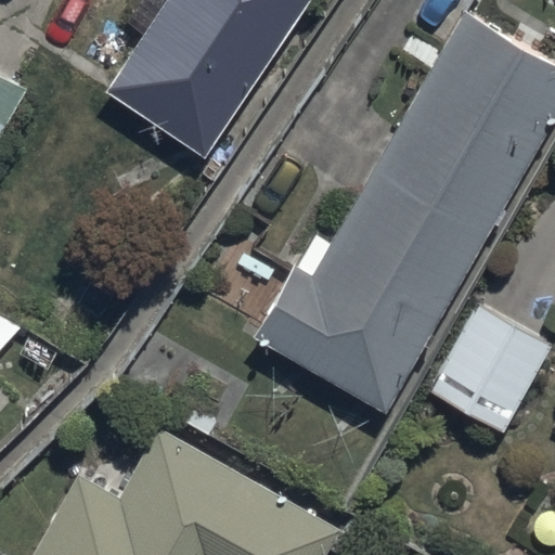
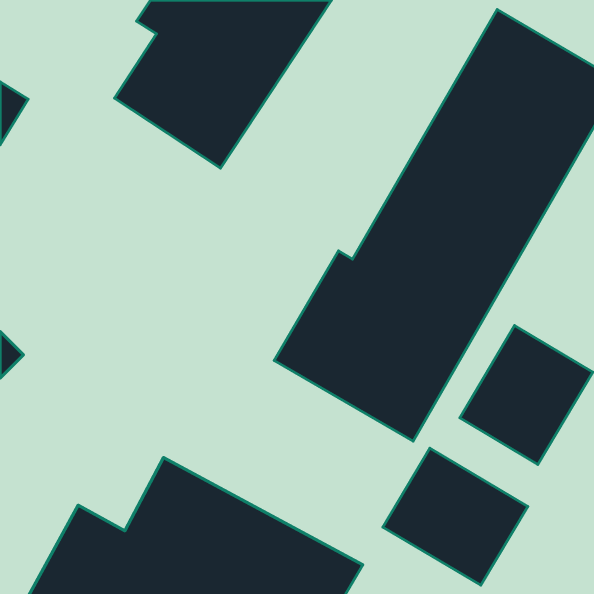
building: none -> [383,448,528,585]

